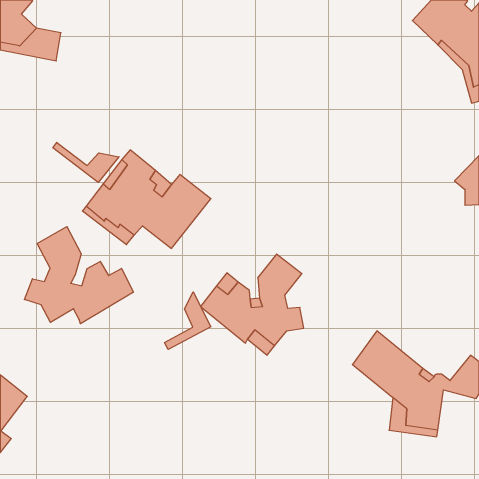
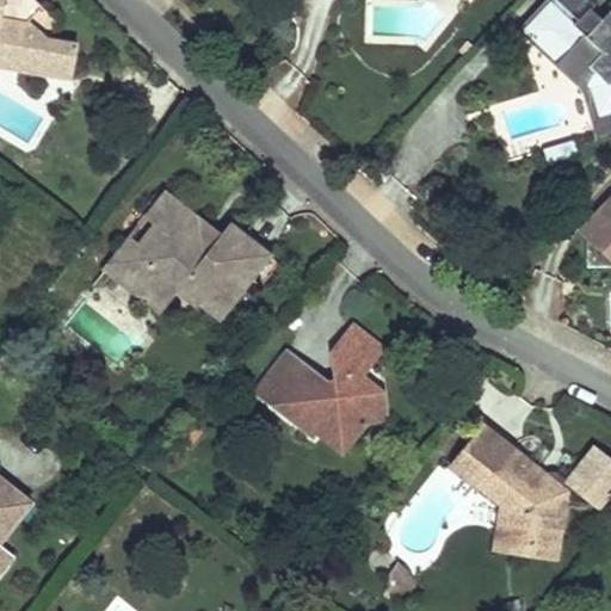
building: [53,142,119,182] -> none
building: [24,227,133,324] -> none
building: [165,292,211,349] -> none

